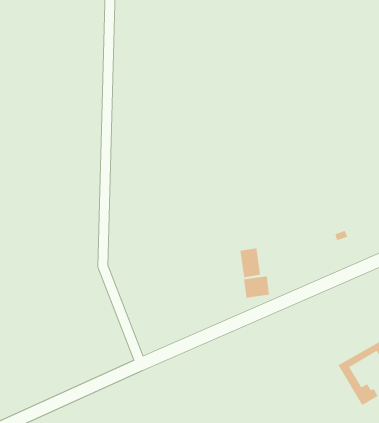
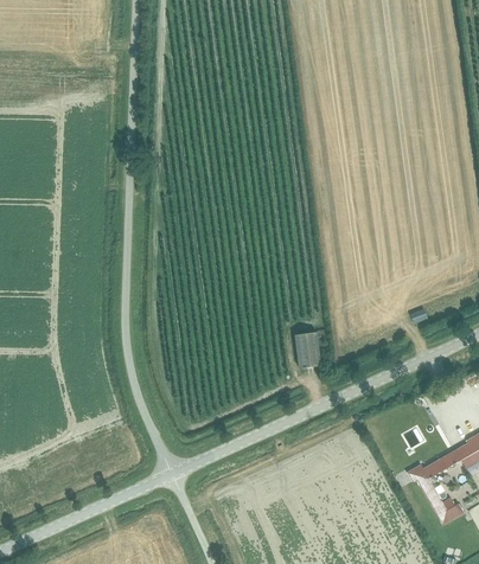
building: [244,275,270,299] -> none

